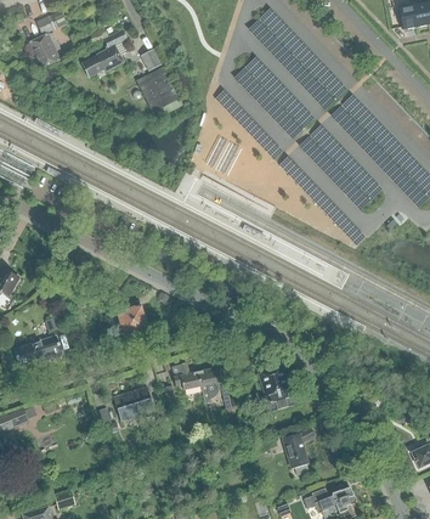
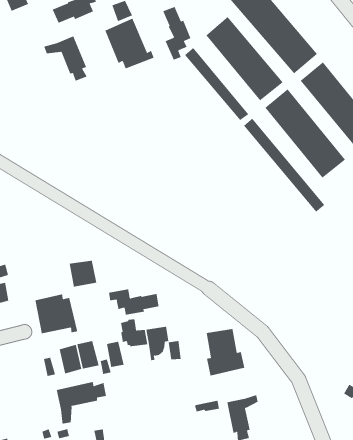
building: none -> [162,6,191,60]
building: none -> [44,36,88,82]
building: none -> [108,288,159,315]
building: none -> [35,294,78,334]
building: none -> [56,381,107,424]

